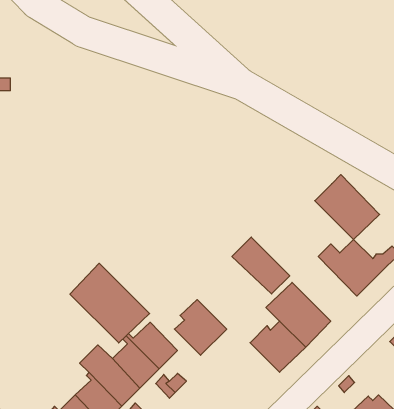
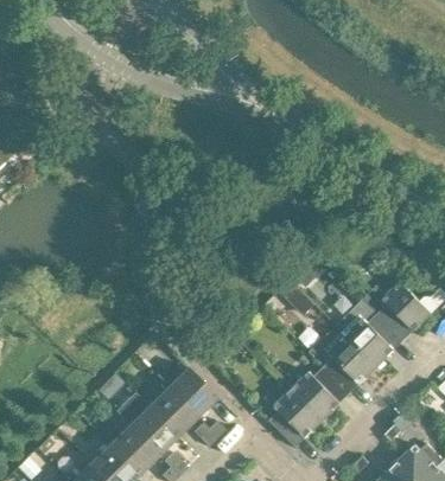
building: [315,175,380,239] -> [335,300,402,367]
building: [70,263,150,343] -> none
building: [174,300,227,355] -> [267,390,322,448]

